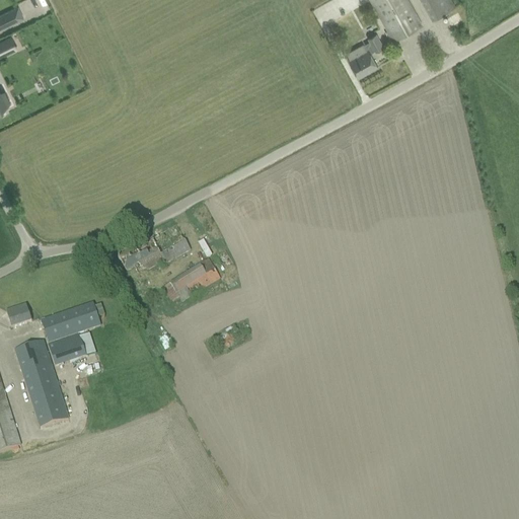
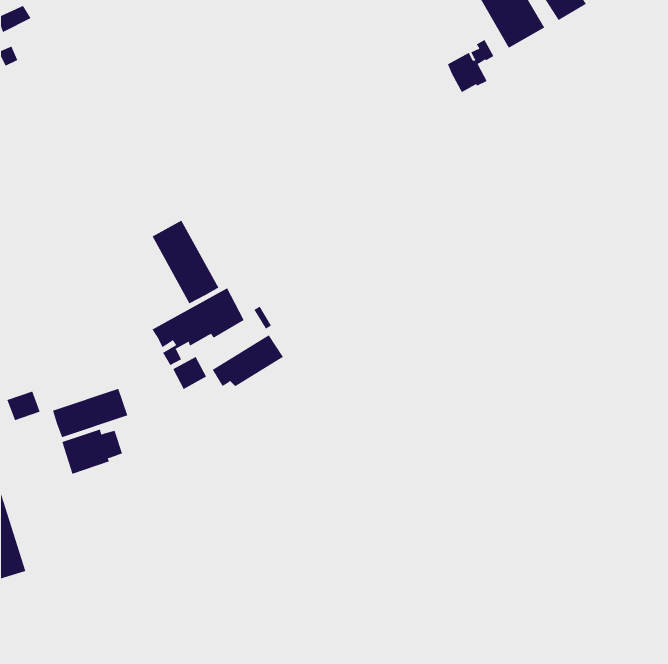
building: none -> [152,220,219,304]
building: none -> [173,356,207,390]
building: [14,340,68,426] -> none

